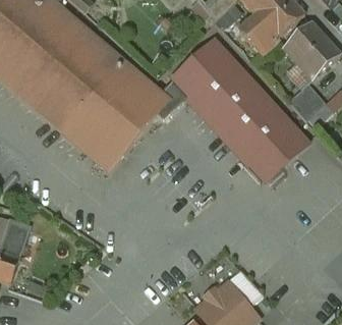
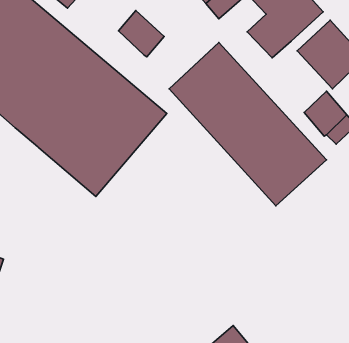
building: none -> [119,11,164,57]

